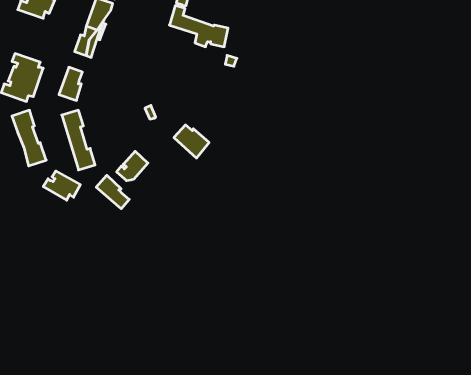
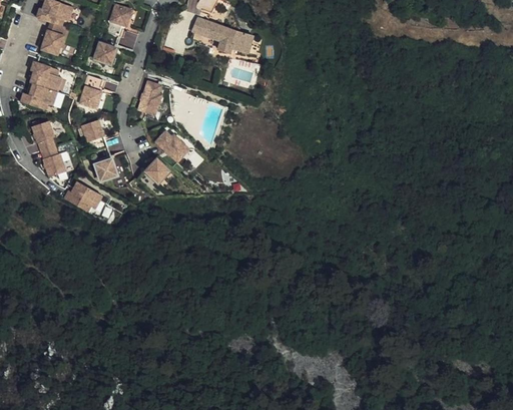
building: none -> [41,28,64,53]
building: none -> [138,82,162,117]
building: [174,125,209,158] -> [153,131,189,165]
building: [96,175,129,209] -> none

